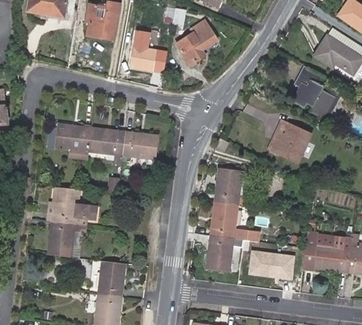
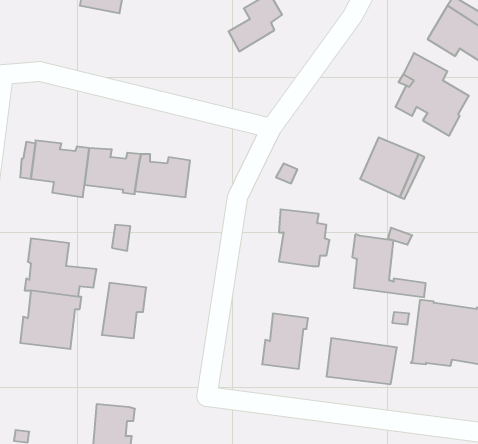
building: [129,45,155,69] -> none
building: [211,200,259,241] -> [352,234,426,297]
building: [97,260,126,296] -> [102,283,146,338]

